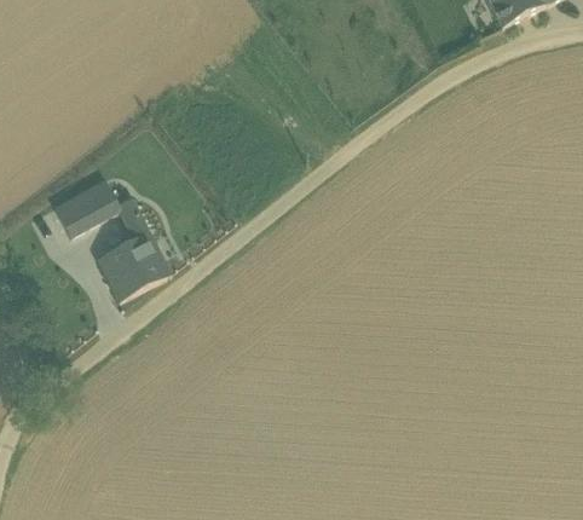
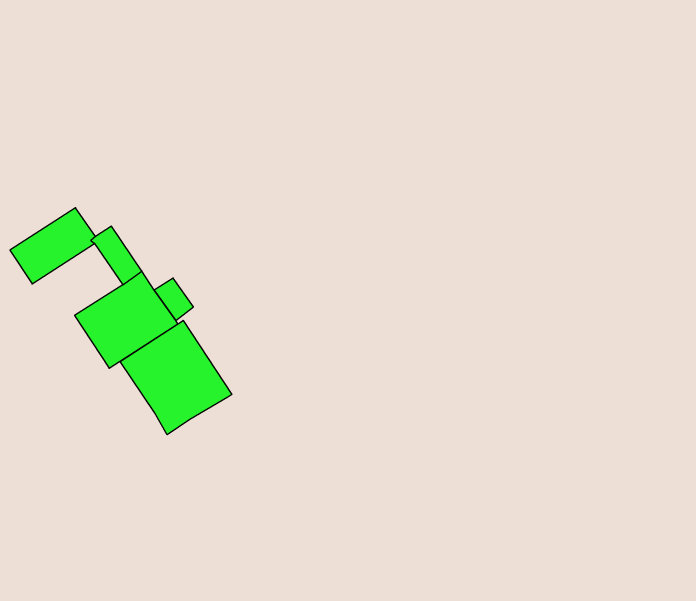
building: none -> [120,320,232,435]

